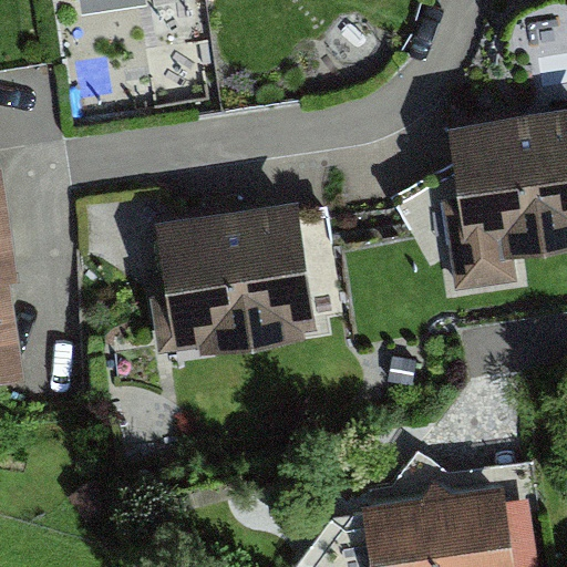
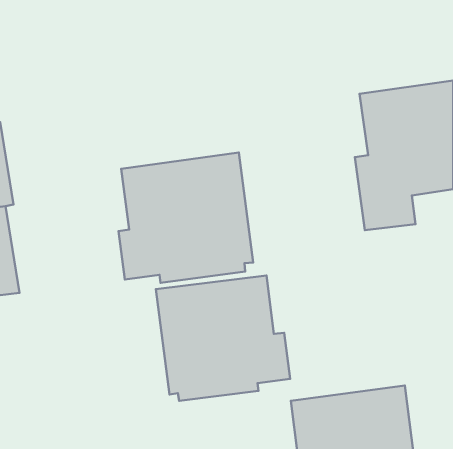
building: none -> [156,275,290,401]

